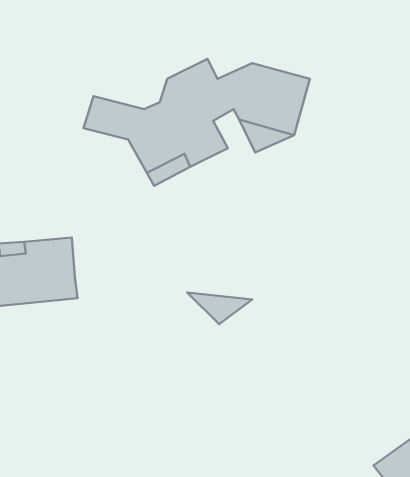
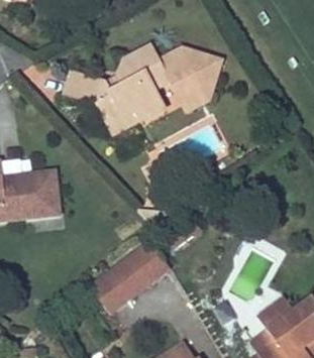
building: none -> [88,239,170,312]

